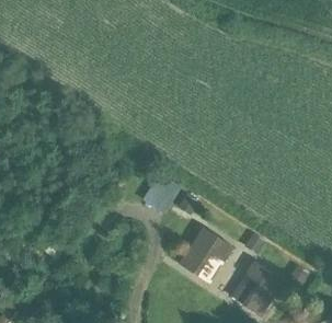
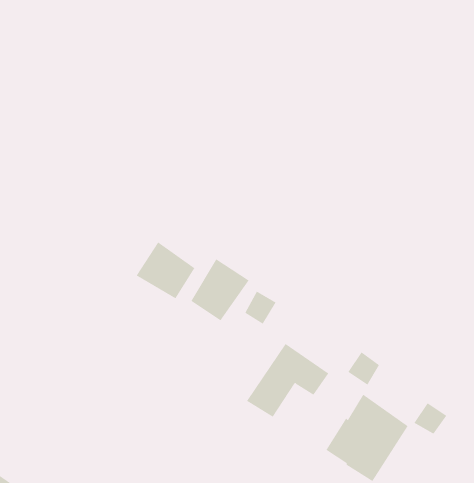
building: none -> [136,241,195,299]

